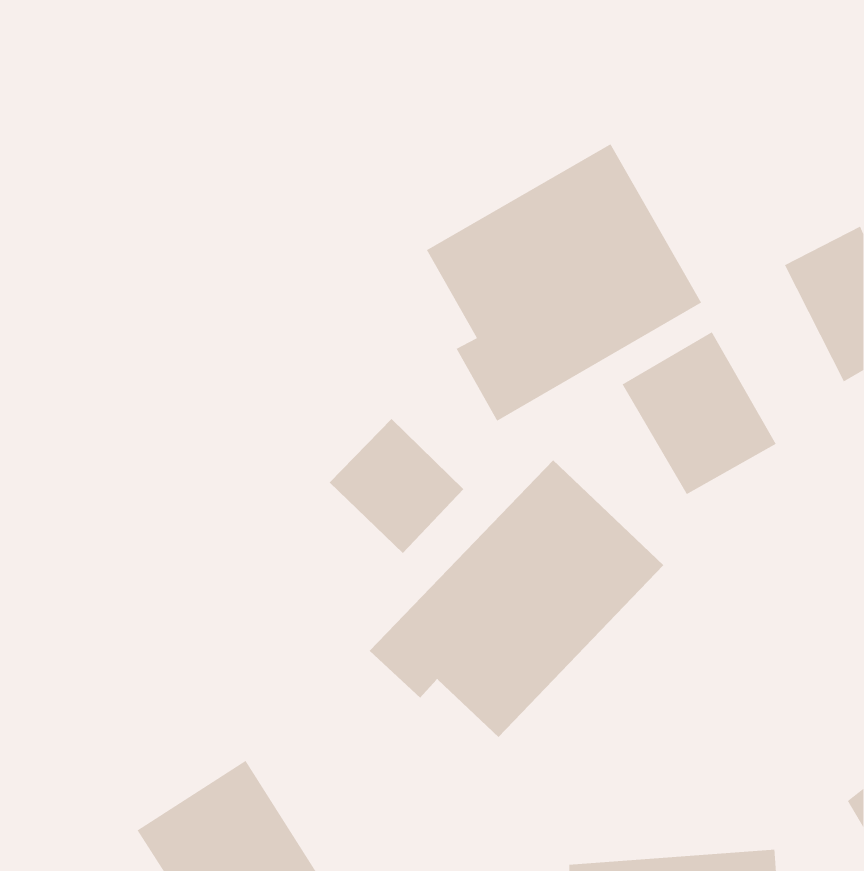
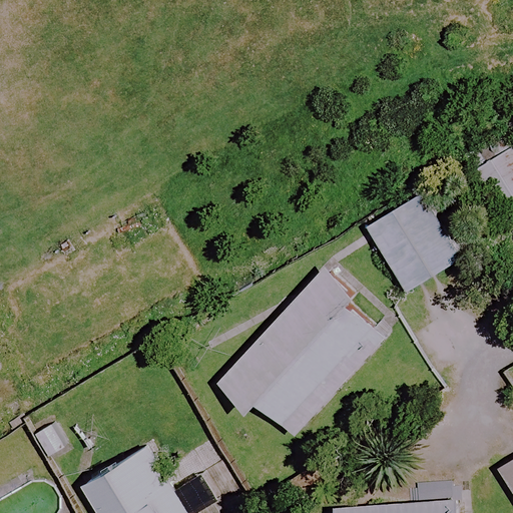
building: [426,143,702,422] -> none
building: [329,418,464,554] -> none

